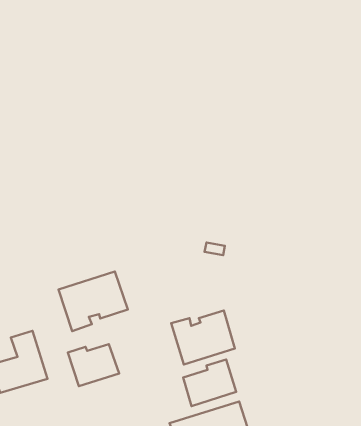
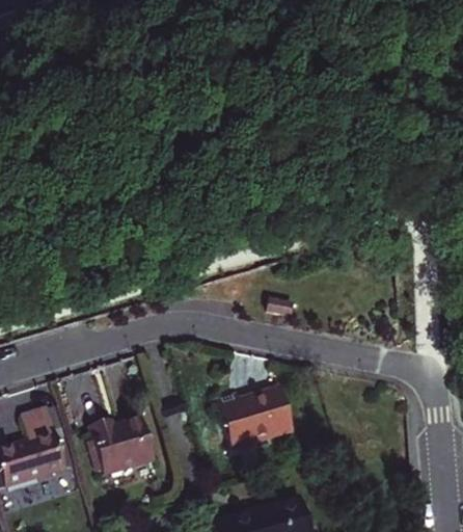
building: [58,271,128,331] -> none
building: [183,360,236,406] -> none

